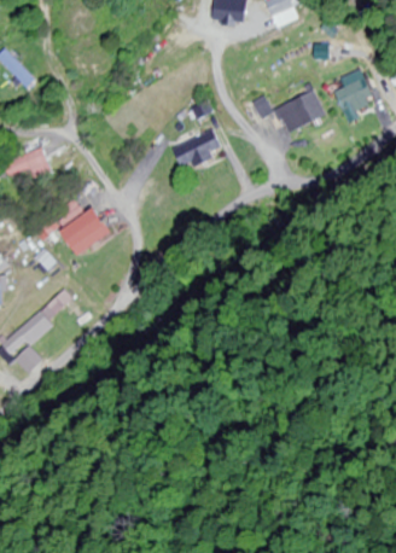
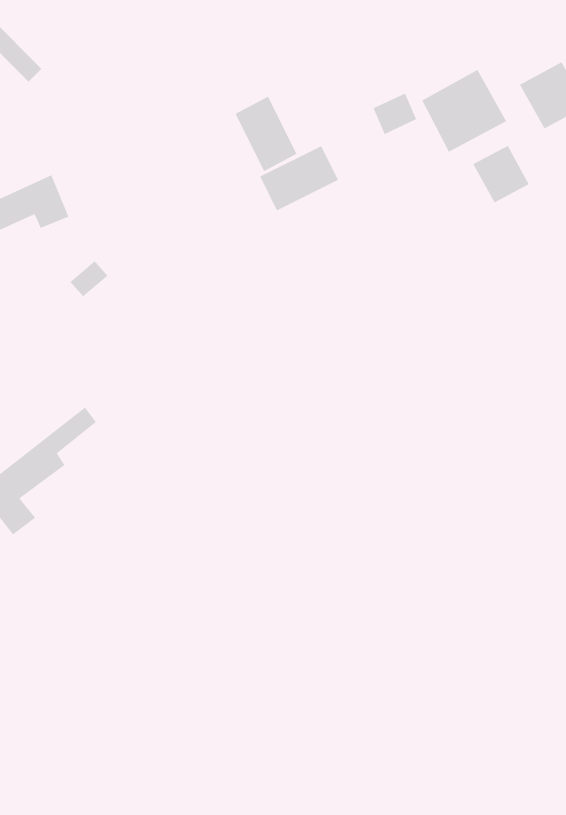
building: none -> [235,96,298,172]
building: none -> [472,145,530,204]
building: [60,209,111,256] -> none

